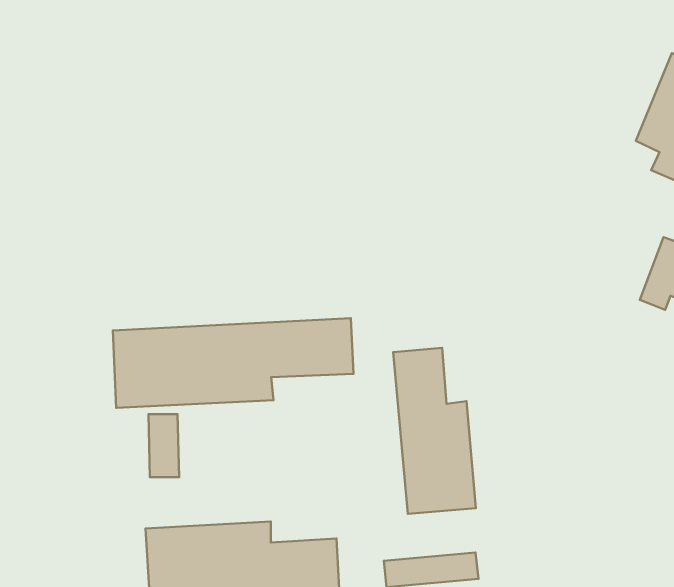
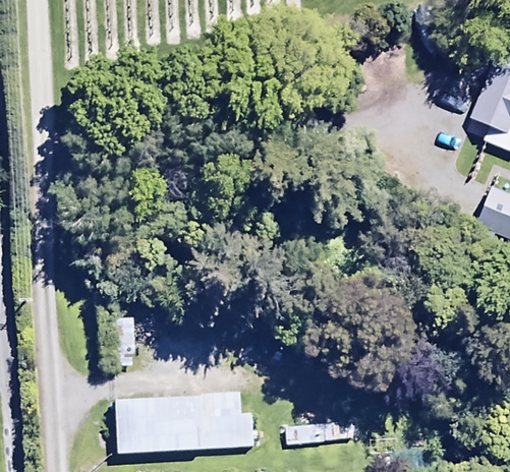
building: [113,318,353,408] -> none
building: [393,348,476,514] -> none

